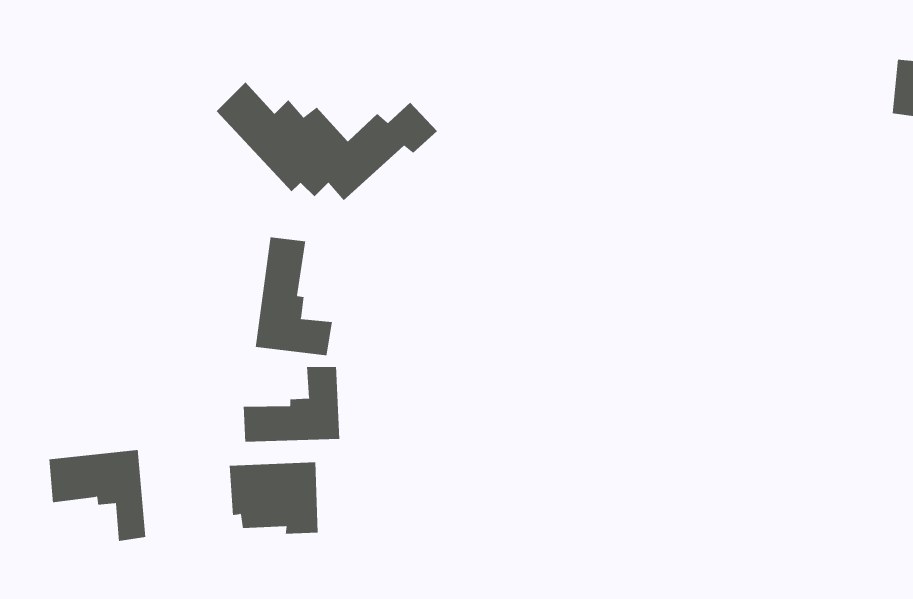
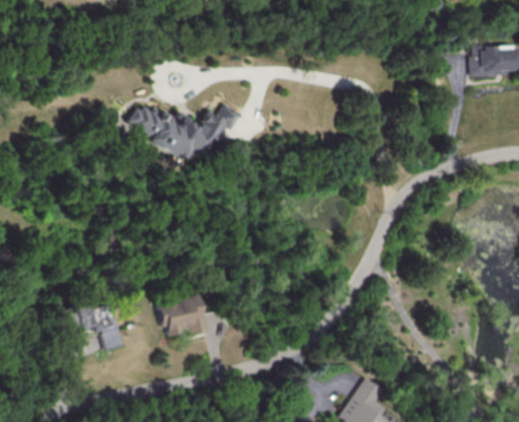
building: [255,237,332,356] -> none
building: [243,366,340,443] -> none

